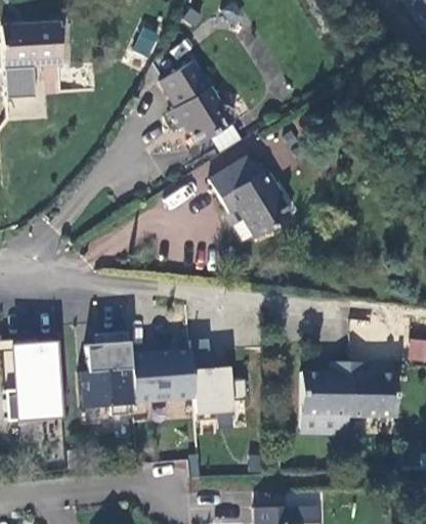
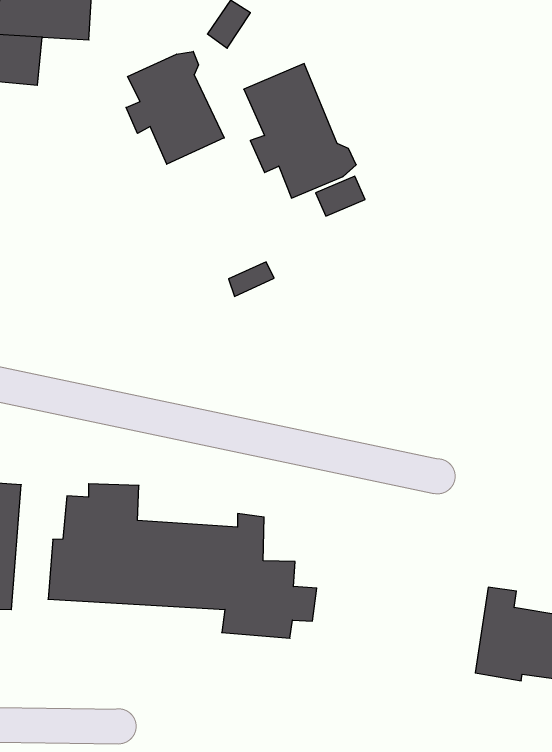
building: none -> [126,51,224,164]
building: [207,160,288,234] -> none
building: [302,364,350,418] -> none

